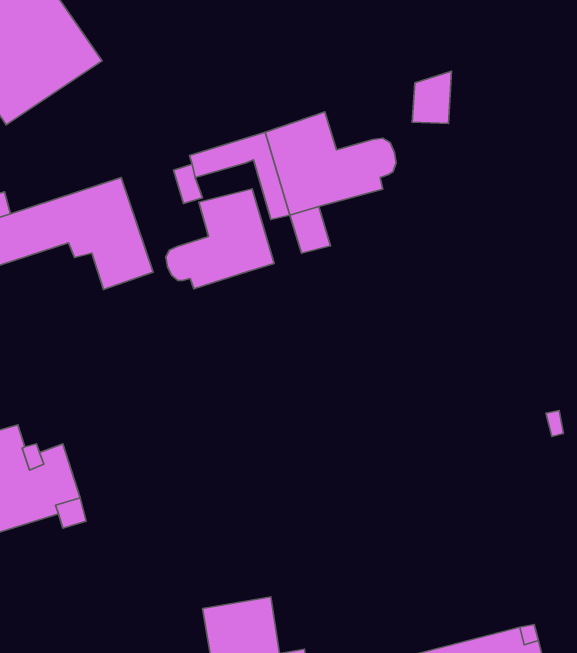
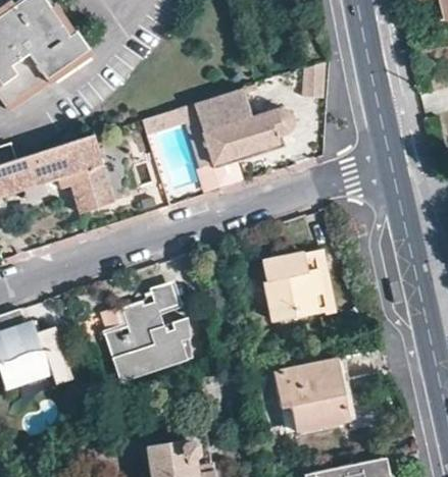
building: [166,189,274,289] -> none
building: none -> [260,250,336,323]
building: none -> [104,286,189,383]
building: none -> [275,355,350,432]

